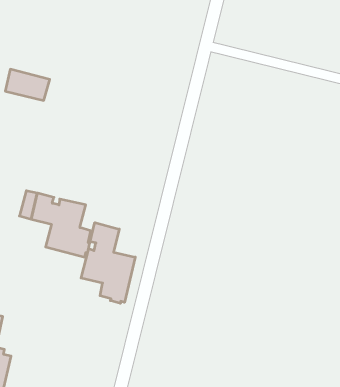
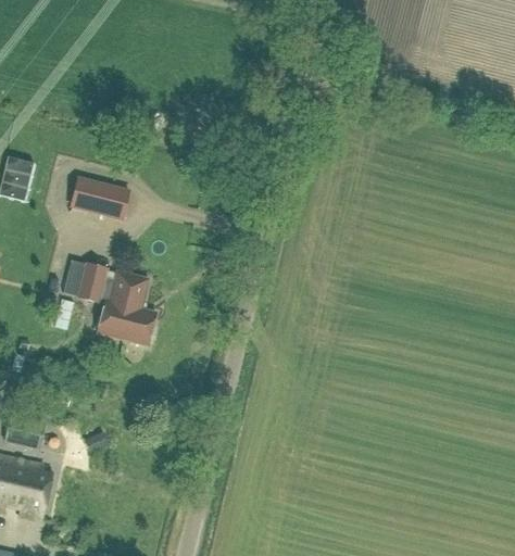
building: [5,69,50,100] -> [71,176,128,216]
building: [81,223,135,303] -> none

